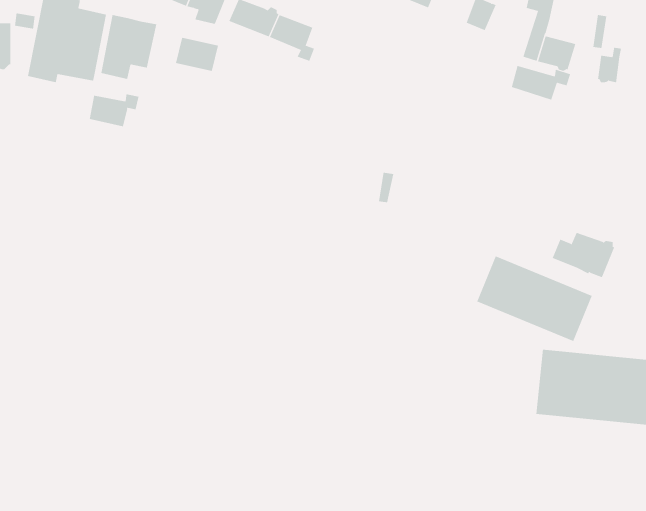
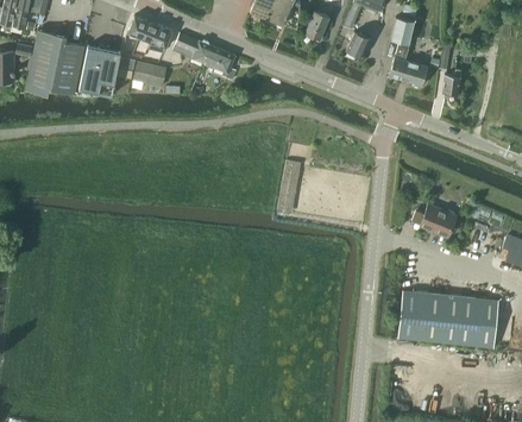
building: [511,65,571,100] -> none
building: [89,93,139,127] -> none
building: [476,256,592,342] -> none

